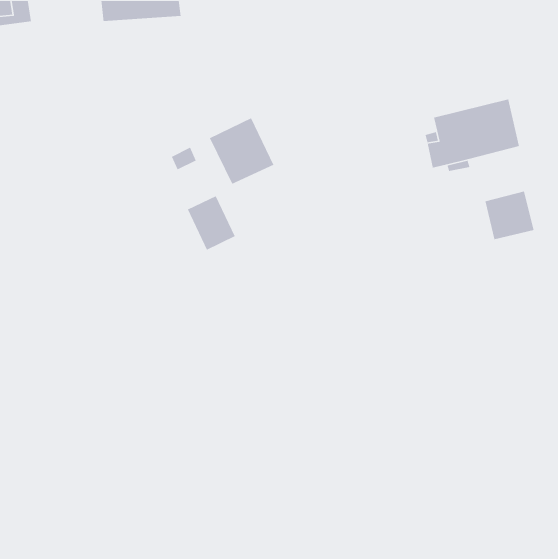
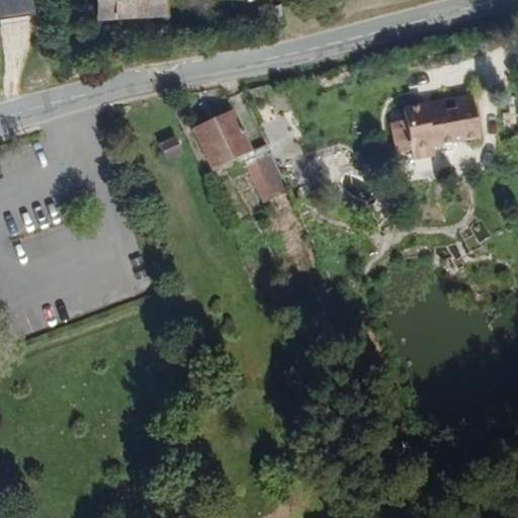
building: [485,191,534,240] -> none
building: [187,195,236,251] -> [243,154,288,205]

